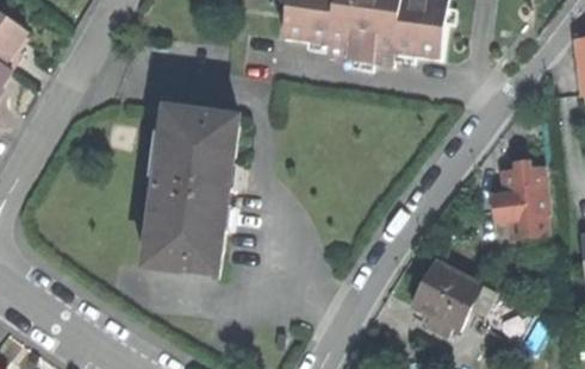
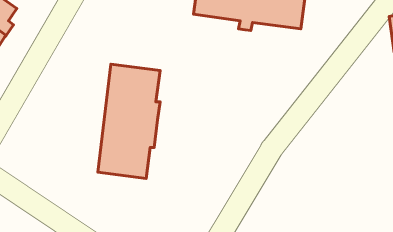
building: [494,164,546,234] -> none
building: [410,261,494,333] -> none

